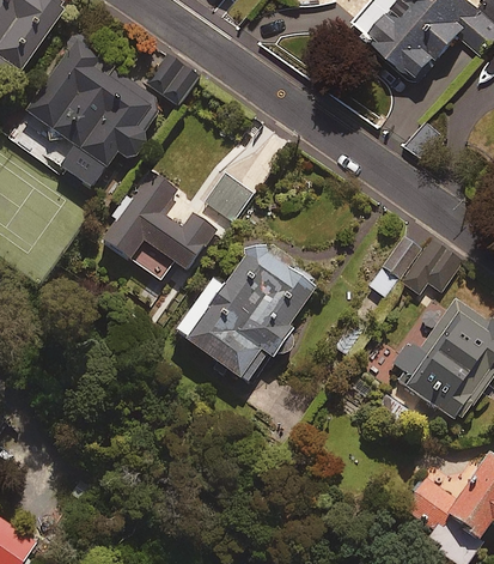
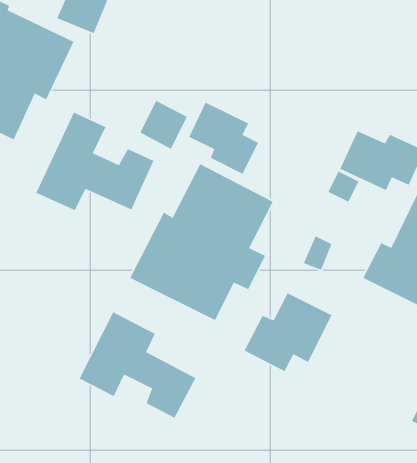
building: none -> [188,102,259,175]
building: none -> [78,311,196,419]
building: none -> [243,292,333,372]

